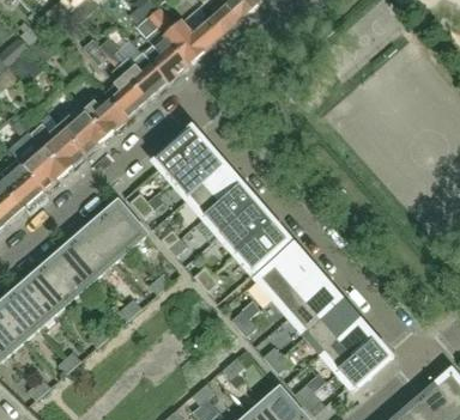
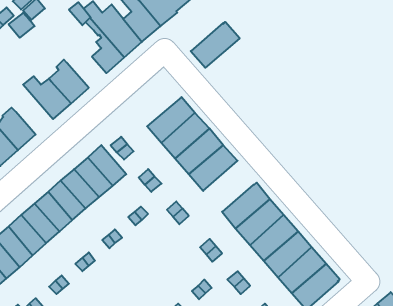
building: [79,99,125,135] -> none
building: [11,118,63,189] -> none
building: [155,127,211,179] -> [191,22,240,68]
building: [236,219,291,273] -> none

